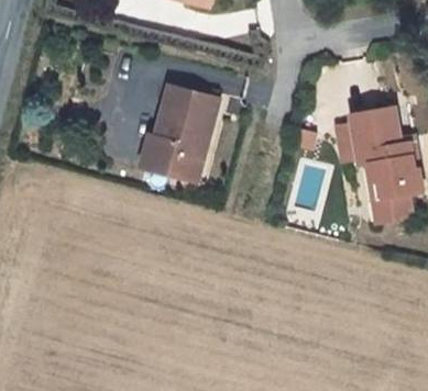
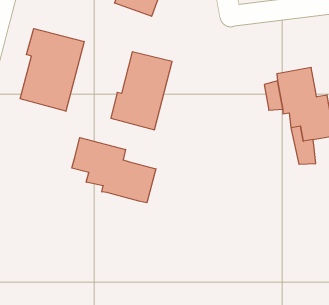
building: none -> [20,29,84,111]
building: none -> [72,138,156,203]

